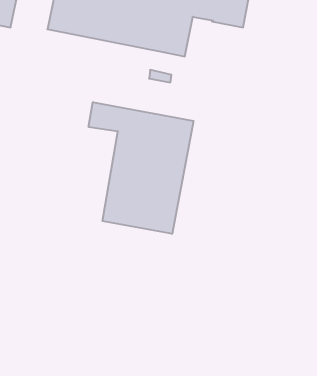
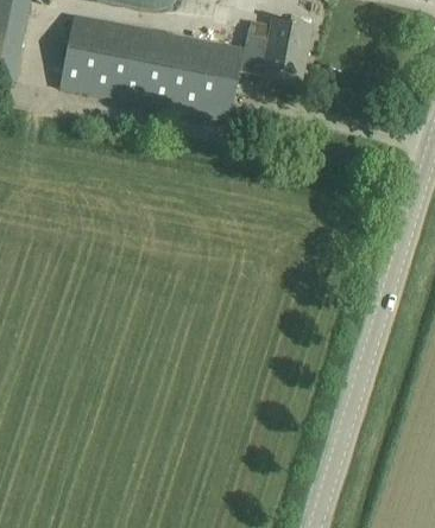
building: [89,102,194,234] -> none

